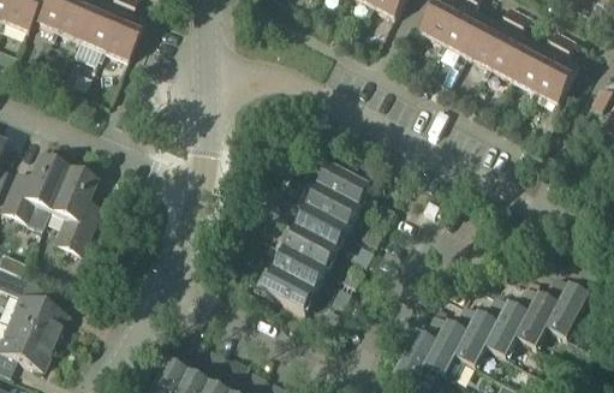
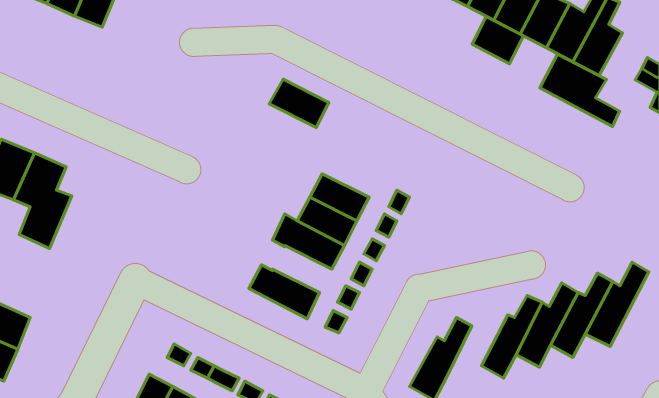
building: none -> [472,16,524,64]
building: none -> [540,54,619,127]
building: [317,166,369,208] -> [269,79,329,127]
building: [274,250,326,291] -> none
building: [425,303,478,375] -> none

